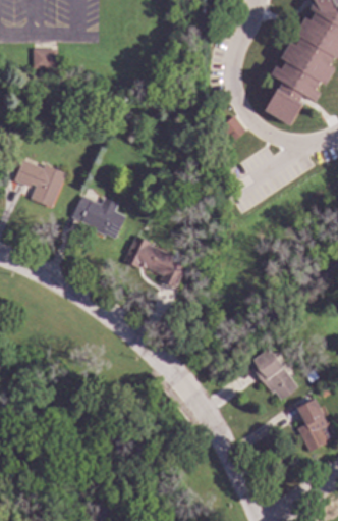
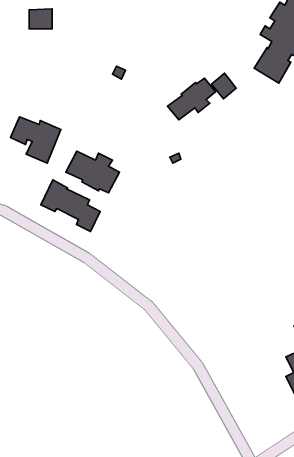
building: none -> [168,78,215,120]
building: [124,235,185,288] -> [41,180,100,231]
building: [249,348,297,399] -> none

